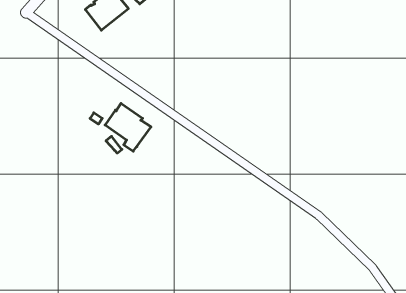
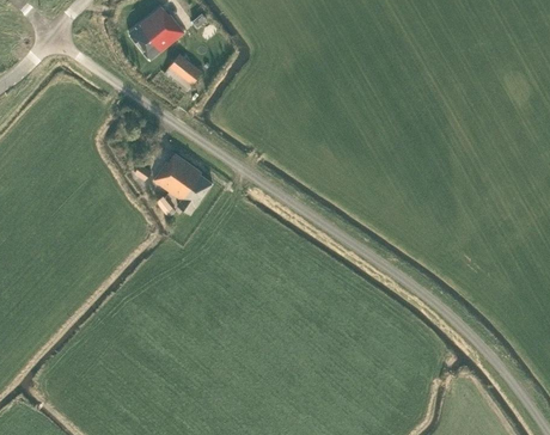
building: none -> [165,53,202,90]

